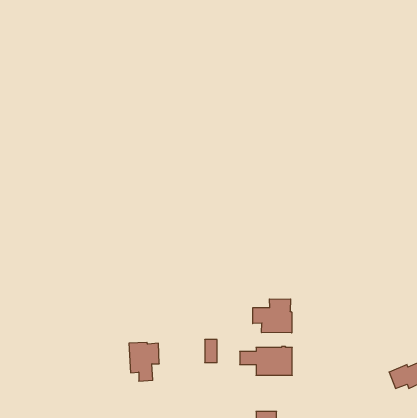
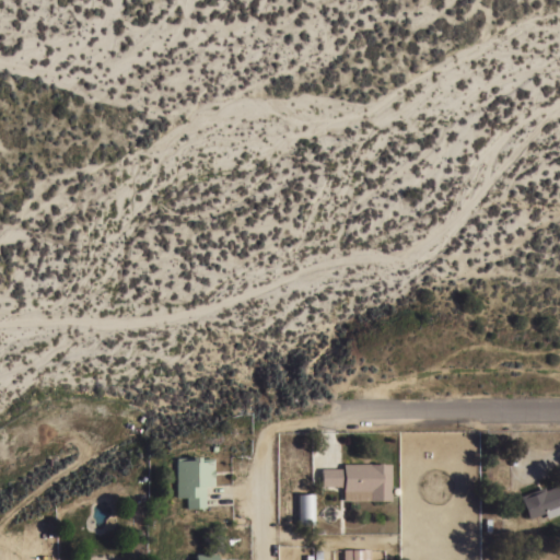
building: [253,299,292,333] -> none
building: [205,340,217,363] -> [300,495,316,526]

